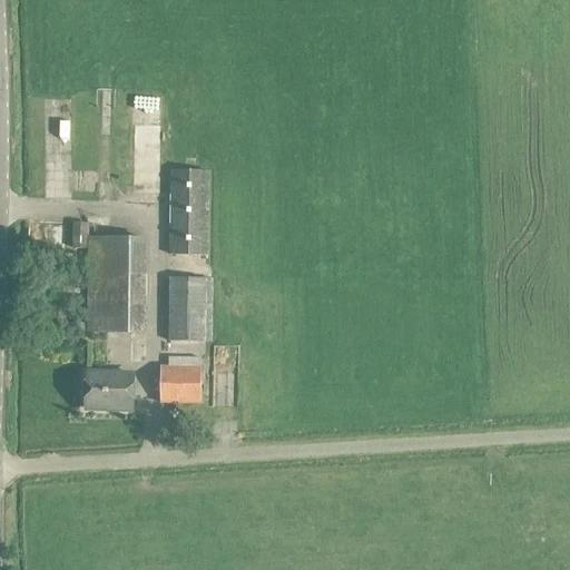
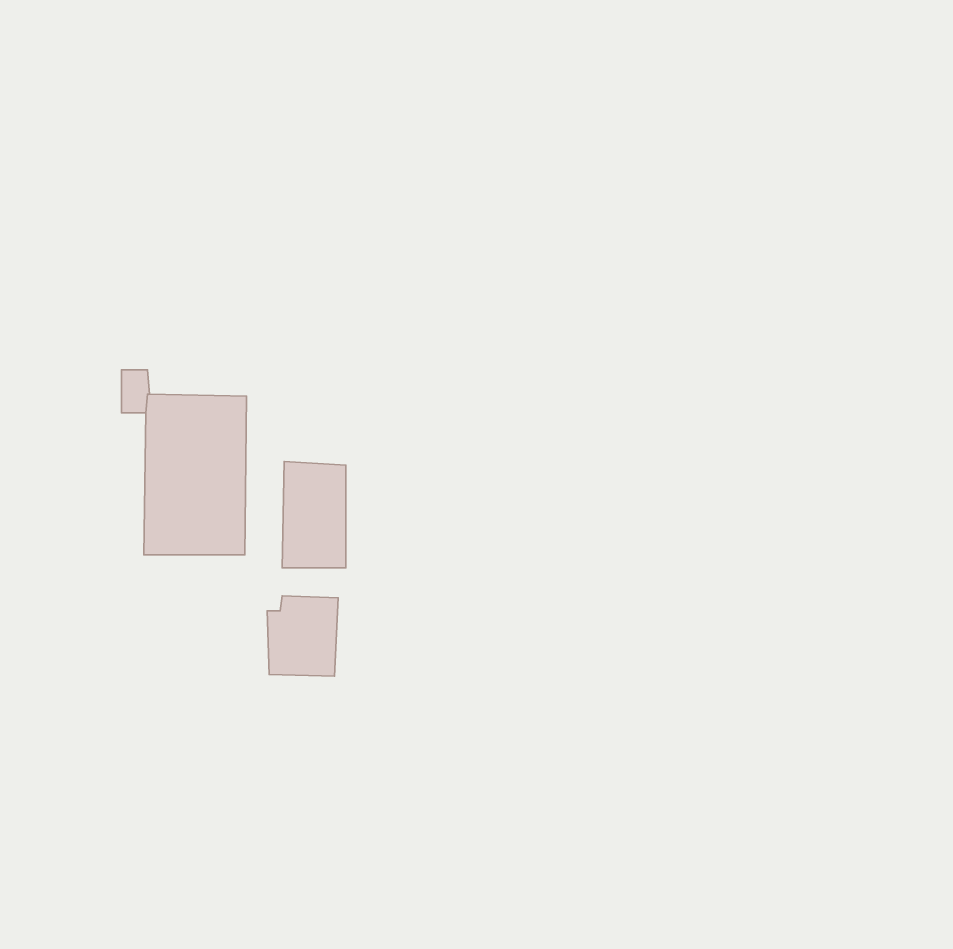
building: [167,167,210,254] -> none
building: [87,372,132,407] -> none

